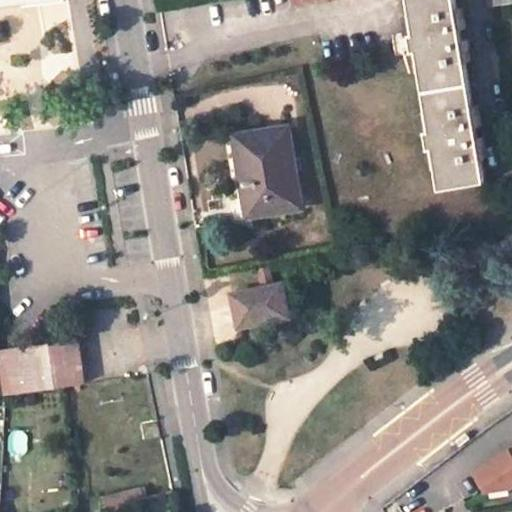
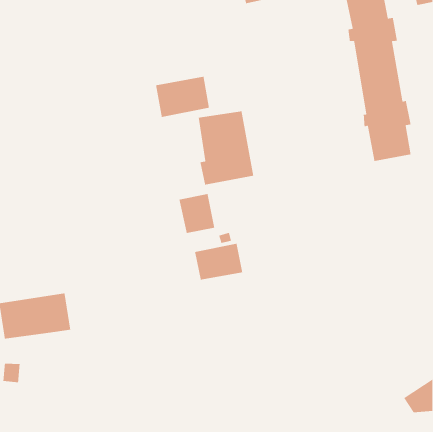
building: none -> [155,76,210,118]
building: none -> [178,193,215,234]

